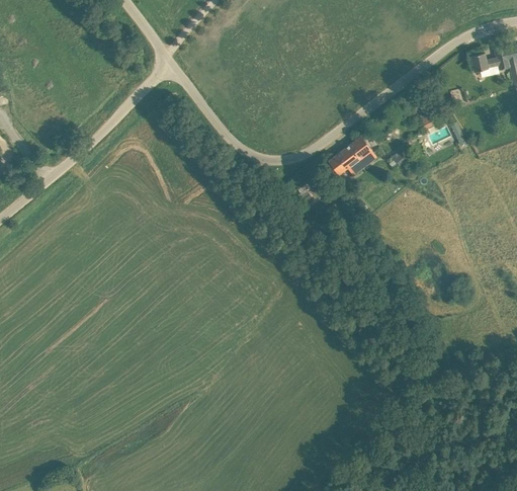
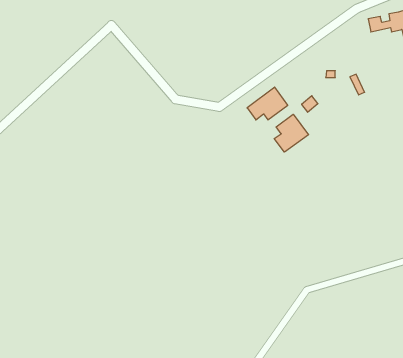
building: none -> [274,114,309,152]

